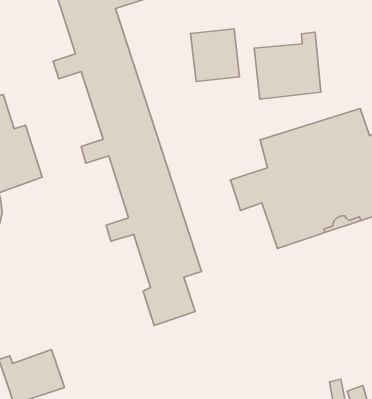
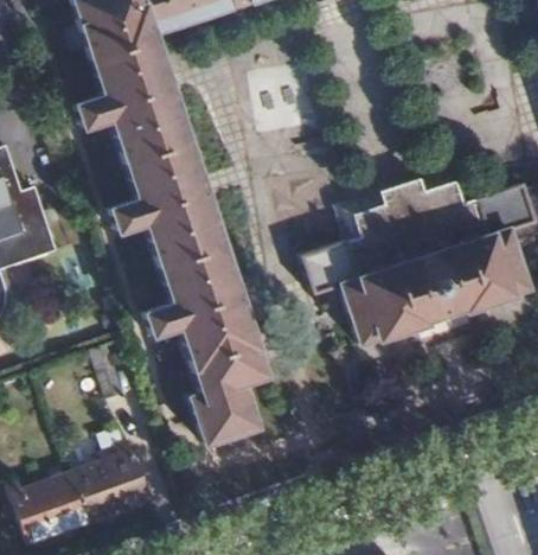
building: [254,32,321,99] -> none
building: none -> [73,444,152,523]

